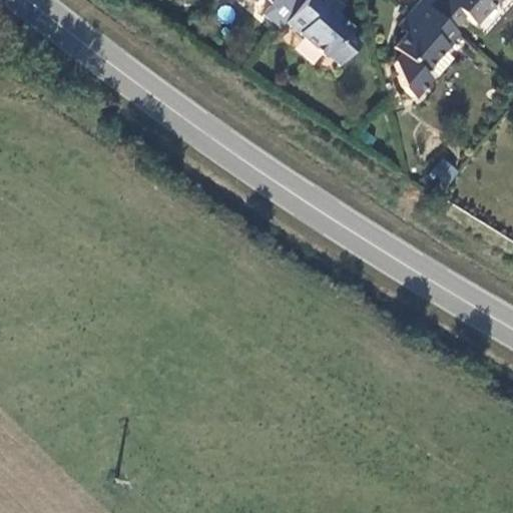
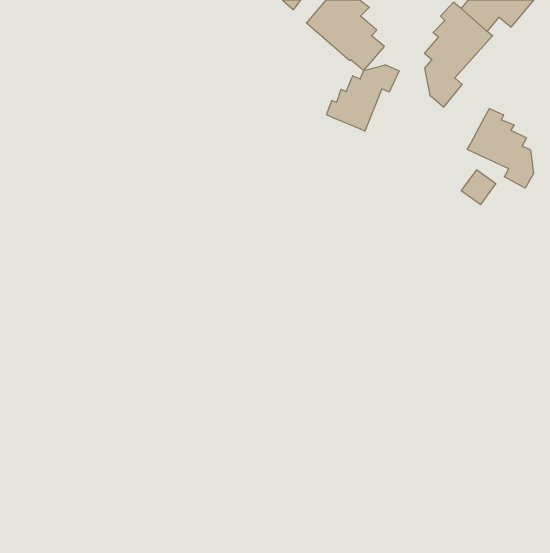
building: none -> [326,65,399,131]
building: none -> [467,108,533,188]

